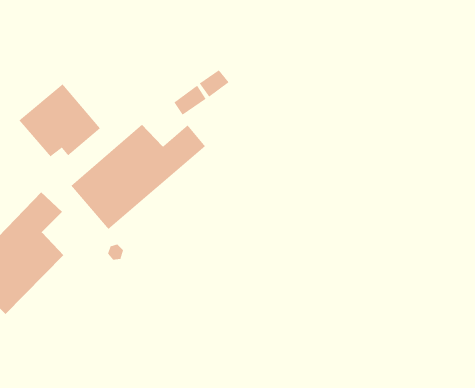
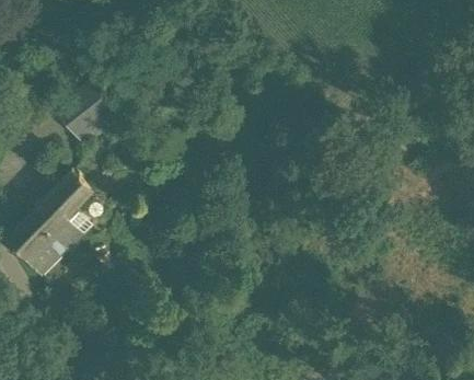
building: [70,124,206,230] -> none

